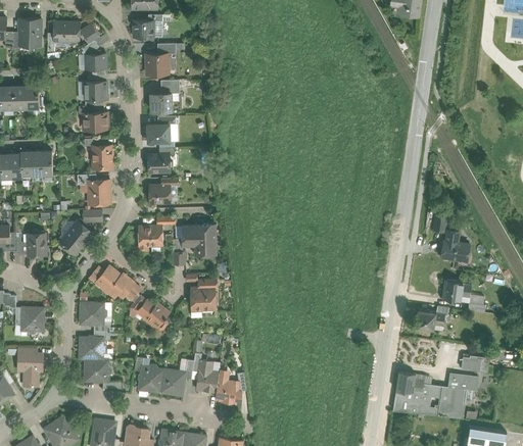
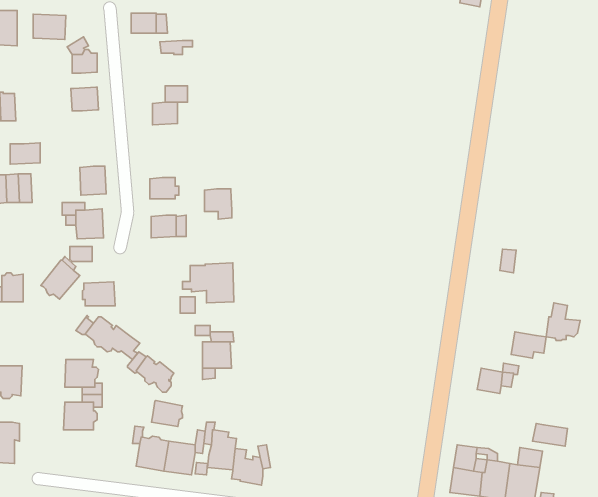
building: [145,53,169,75] -> none
building: [83,112,107,130] -> [10,143,40,164]
building: [147,123,170,148] -> [204,189,232,219]
building: [136,226,162,245] -> [83,282,115,306]
building: [441,230,469,260] -> [546,303,580,341]
building: none -> [152,400,183,427]
building: [84,359,110,382] -> none

